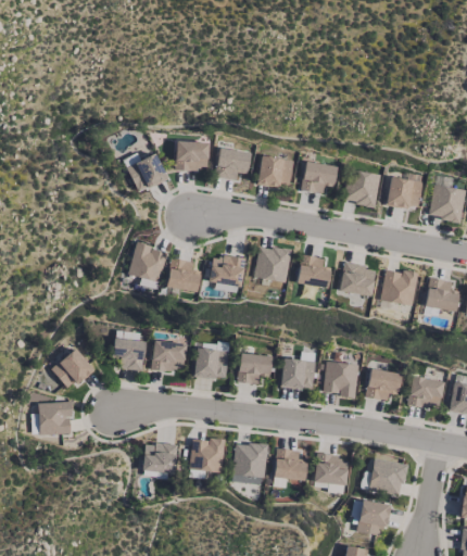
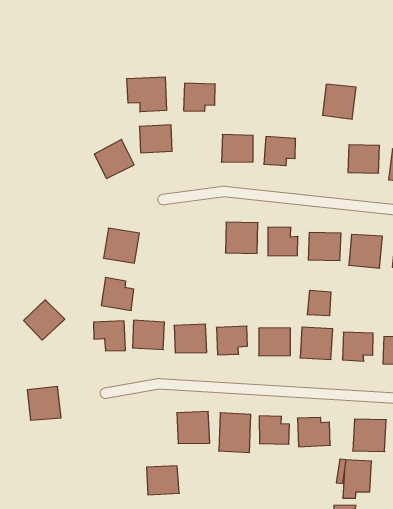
building: none -> [127,77,167,112]
building: [216,149,251,179] -> [184,83,215,111]
building: [344,169,381,207] -> [322,84,356,119]
building: [210,254,245,287] -> none
building: [167,257,202,293] -> [101,278,134,310]
building: none -> [307,290,331,316]
building: [52,349,94,390] -> [24,300,65,340]
building: [144,443,177,472] -> [147,466,179,495]

